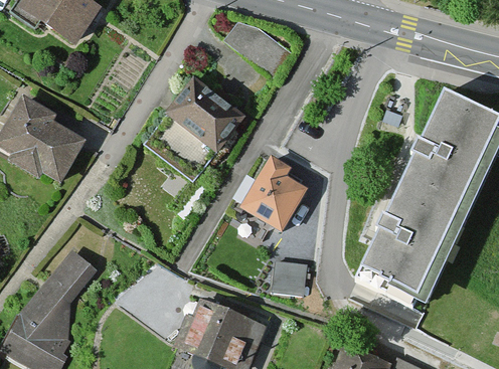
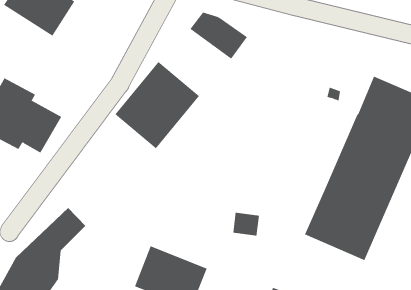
building: [236,153,304,231] -> none

